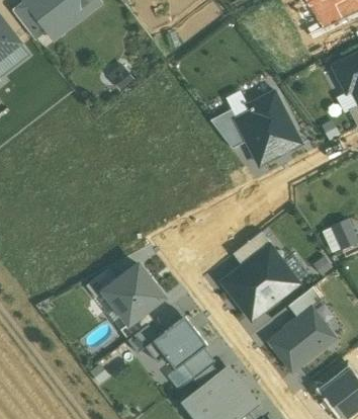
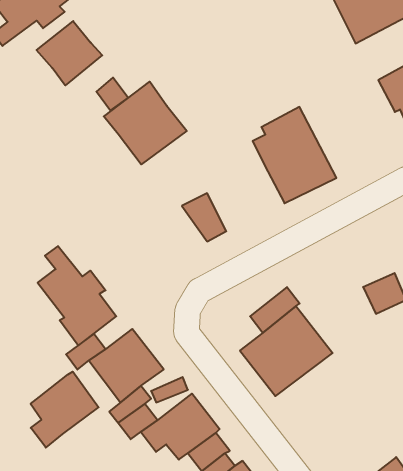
building: none -> [37,21,102,85]
building: none -> [104,82,187,164]
building: [211,108,247,147] -> [182,193,226,241]
building: none -> [38,246,116,346]
building: none -> [31,372,99,448]
building: [270,308,336,370] -> none

